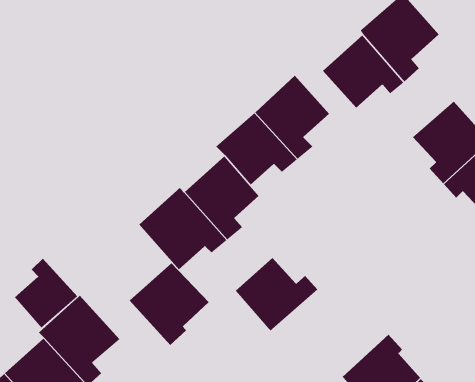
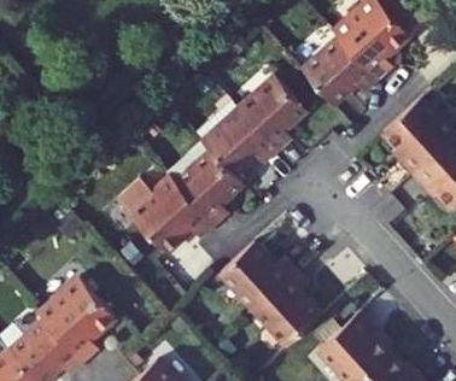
building: [14,258,78,329] -> none
building: [129,262,210,346] -> none
building: none -> [253,271,322,347]

